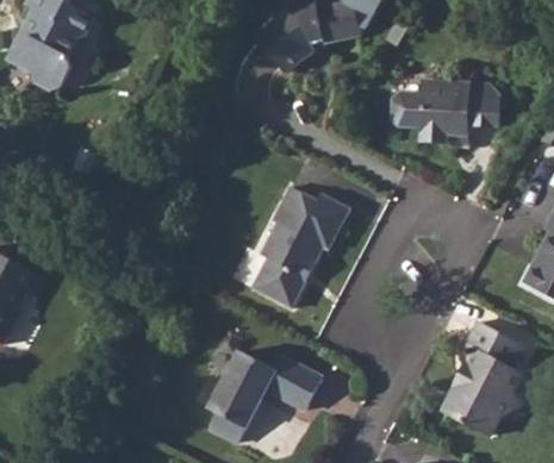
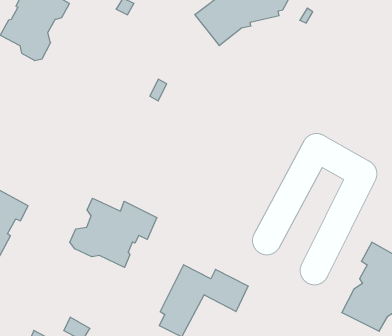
building: [392,80,499,144] -> none
building: [253,186,349,308] -> none
building: none -> [70,198,157,267]

